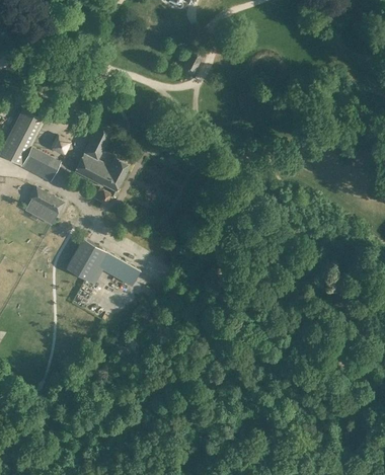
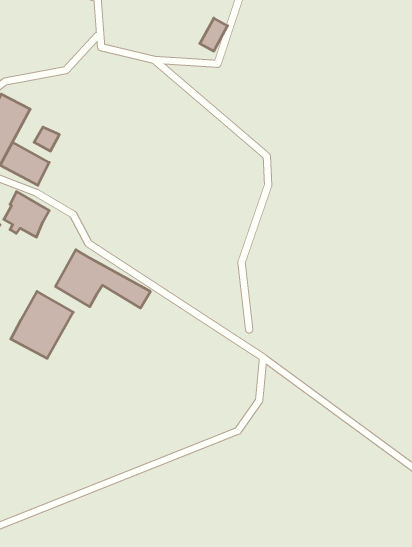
building: [74,127,127,206] -> none
building: none -> [11,291,73,358]

